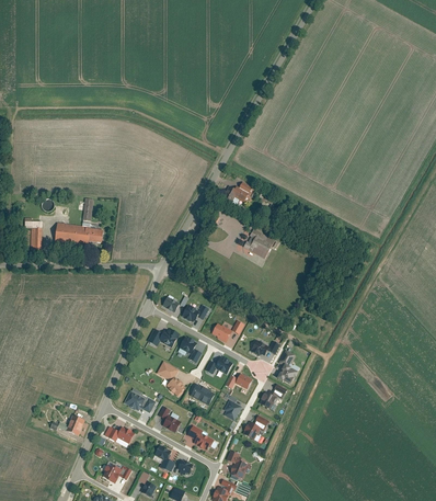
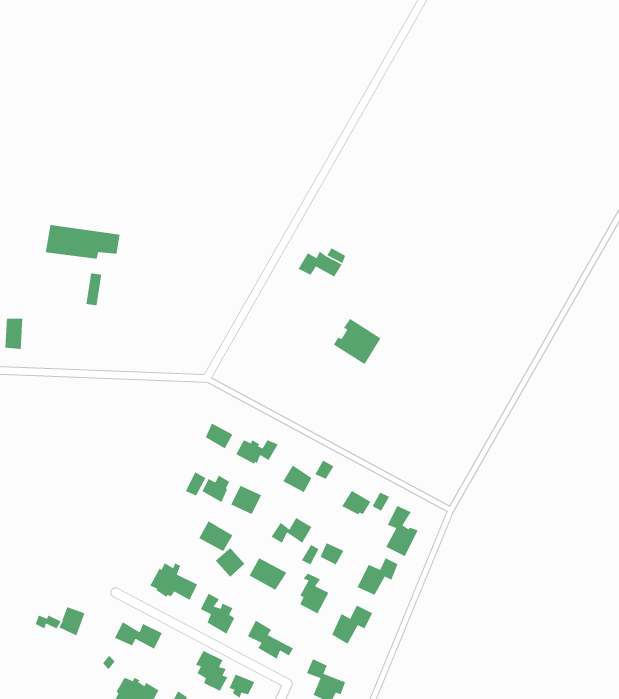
building: [56,223,105,246] -> [45,224,121,259]

